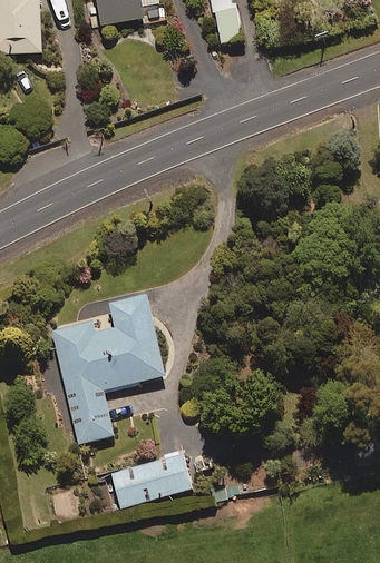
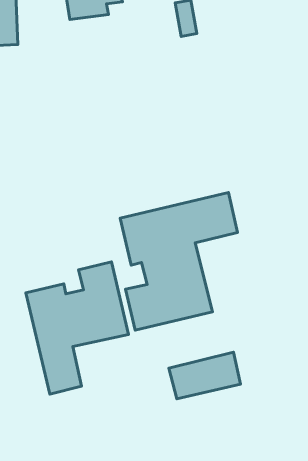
building: none -> [120,193,237,330]
building: [110,453,191,505] -> [169,352,240,399]

